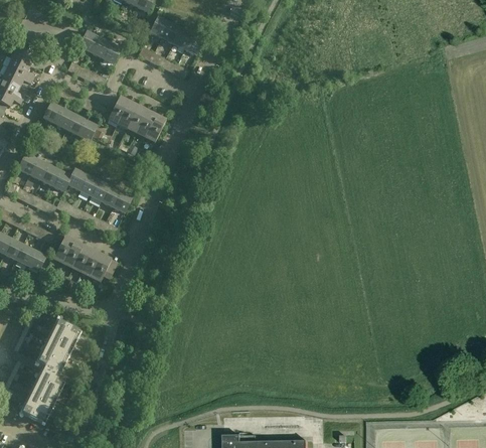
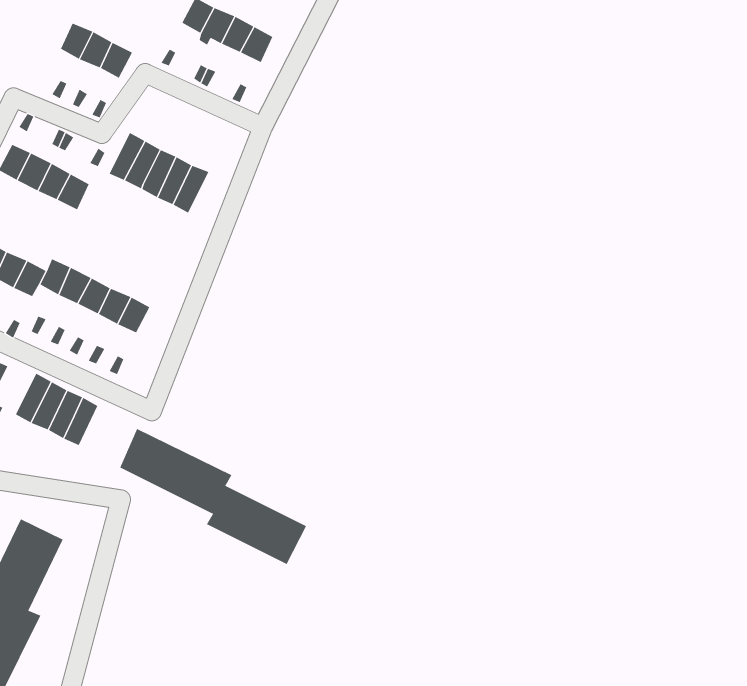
building: [90,254,117,282] -> none
building: none -> [120,428,307,565]

